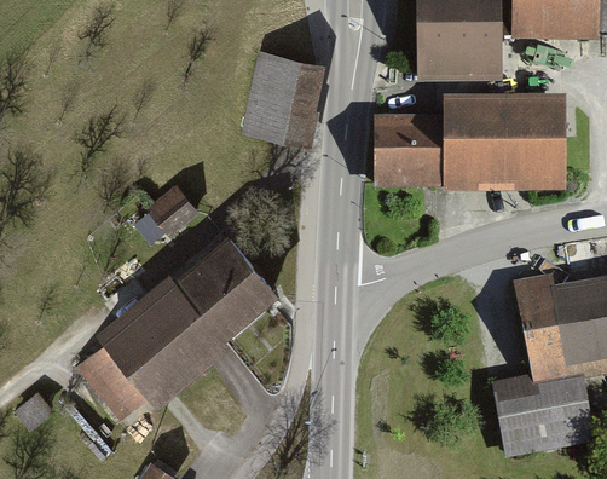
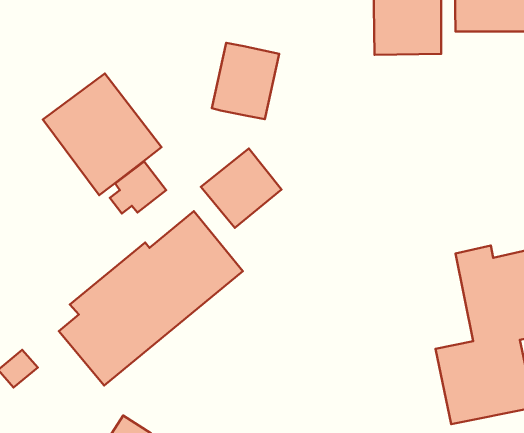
building: none -> [43,74,161,195]
building: [378,97,568,184] -> none
building: none -> [201,148,281,228]

